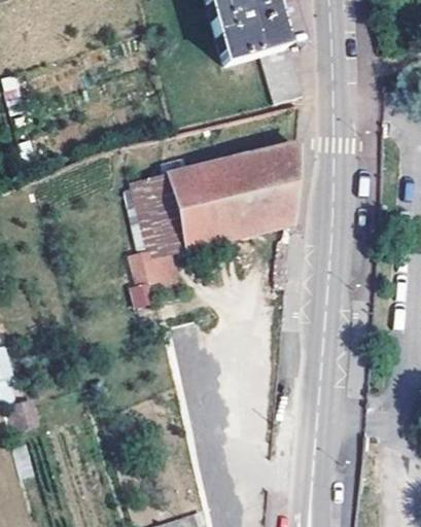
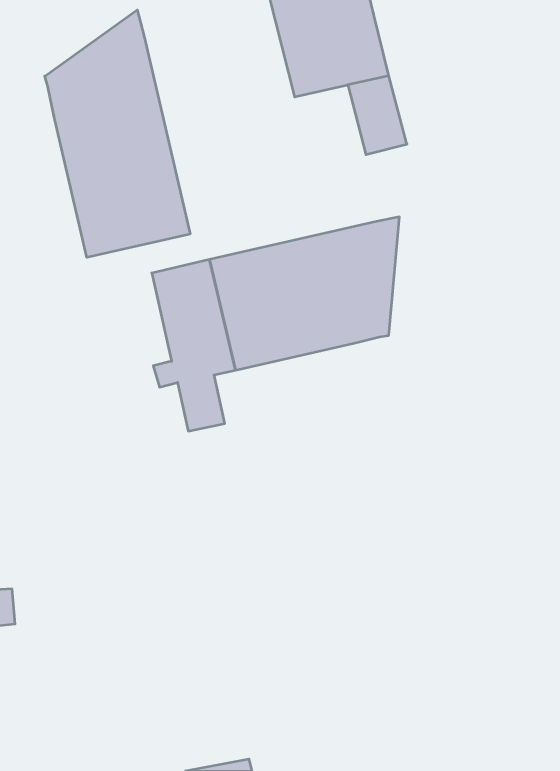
building: none -> [45,10,190,257]

